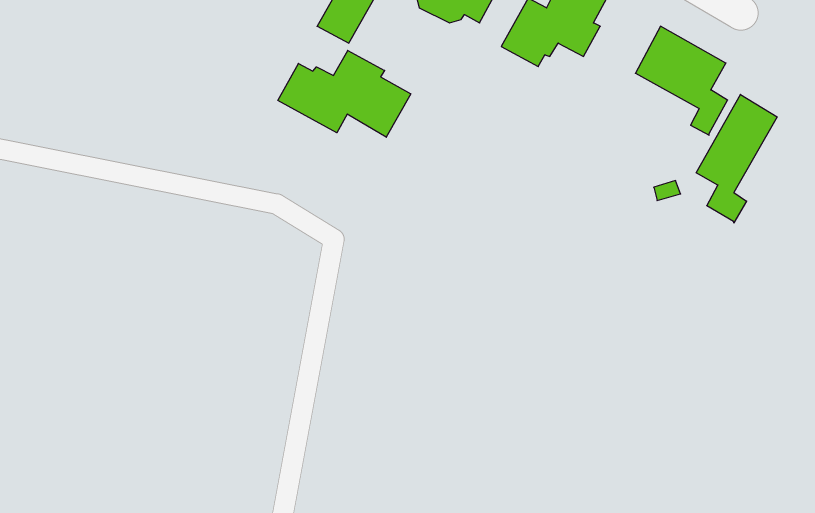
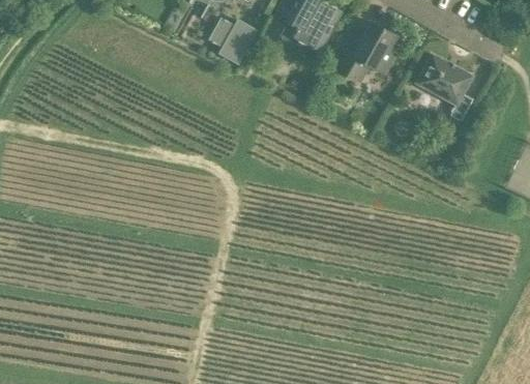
building: [278,50,411,137] -> none
building: [696,94,777,223] -> none

